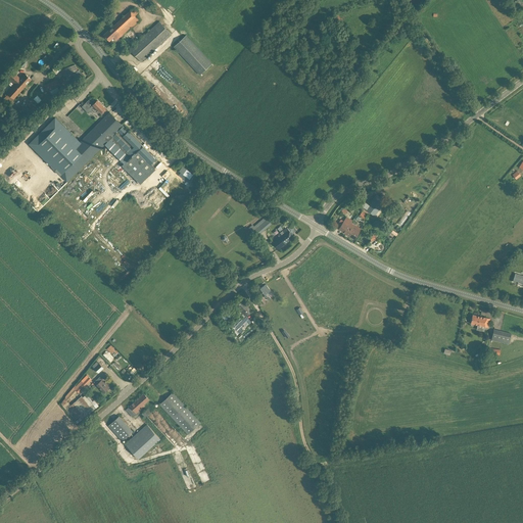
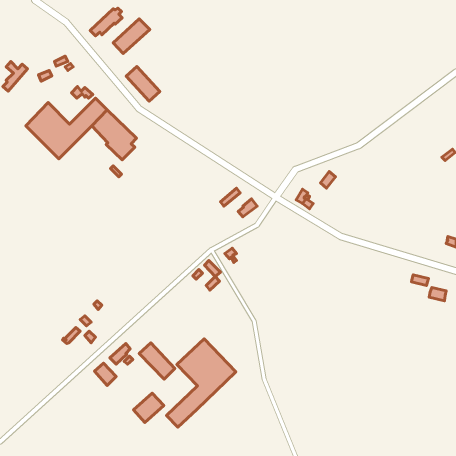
building: [174,36,212,76] -> [126,66,160,101]
building: none -> [167,339,236,427]
building: [126,424,160,458] -> [133,393,164,422]

